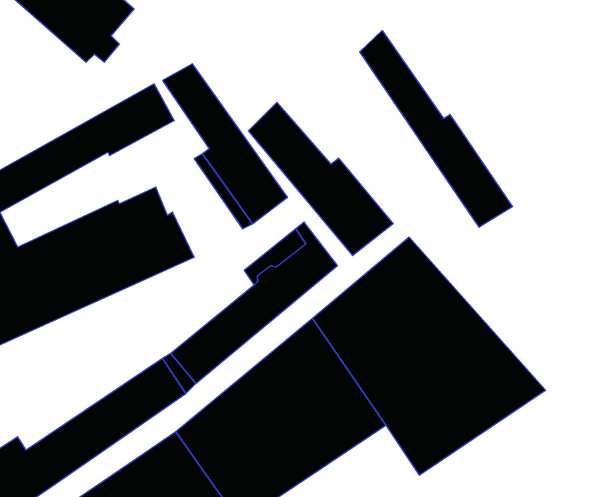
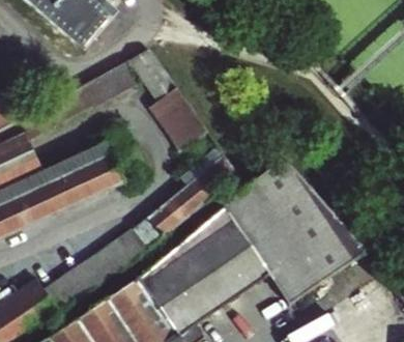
building: [360,31,513,227] -> none
building: [249,102,393,256] -> none

